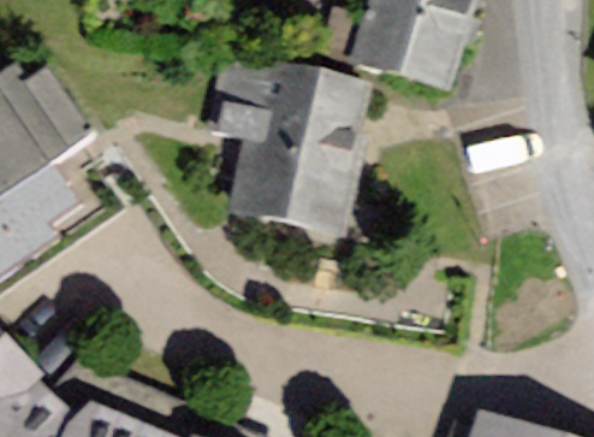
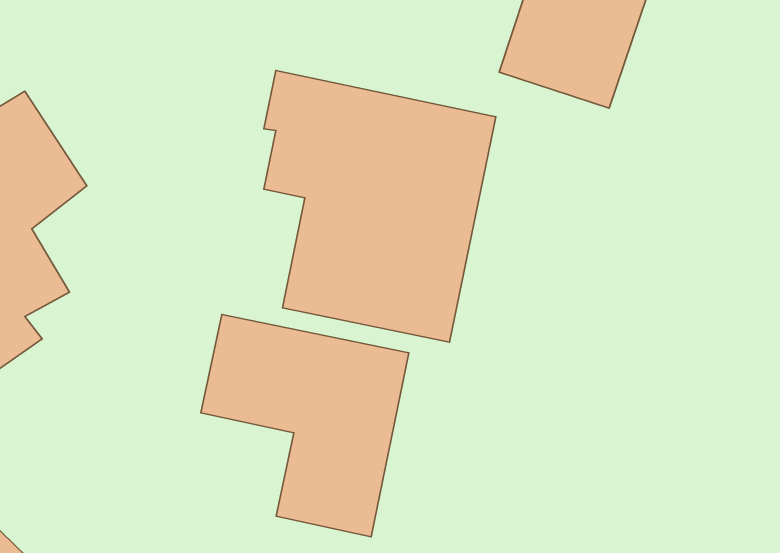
building: none -> [201,314,409,537]

